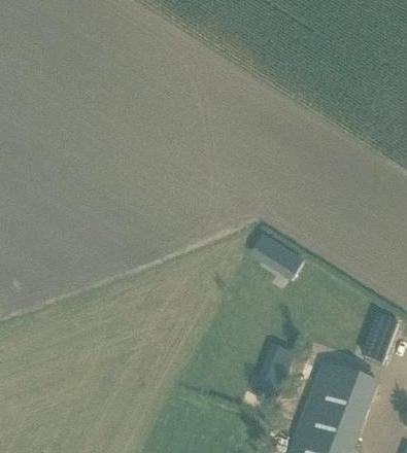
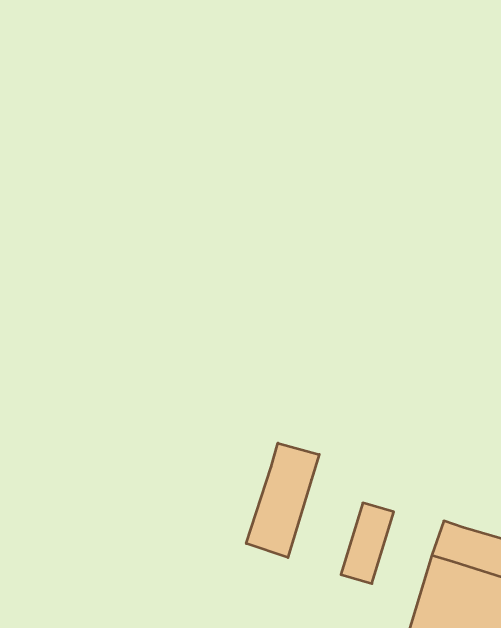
building: [248,235,303,281] -> none
building: none -> [246,443,319,558]

